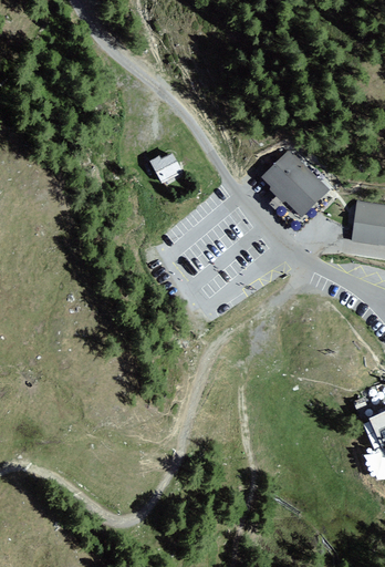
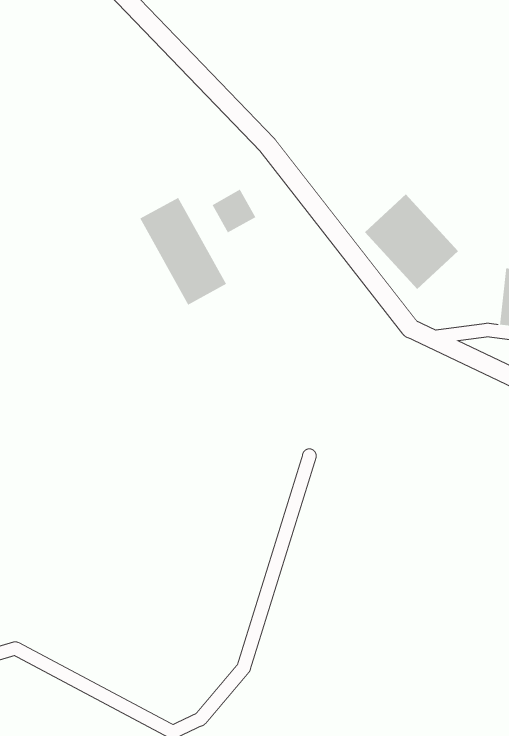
building: none -> [139,197,227,306]

